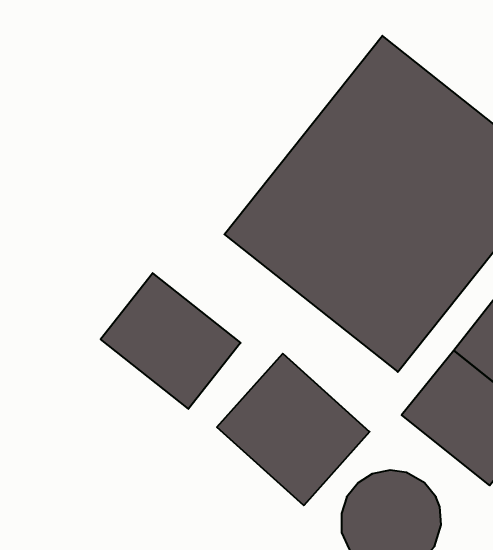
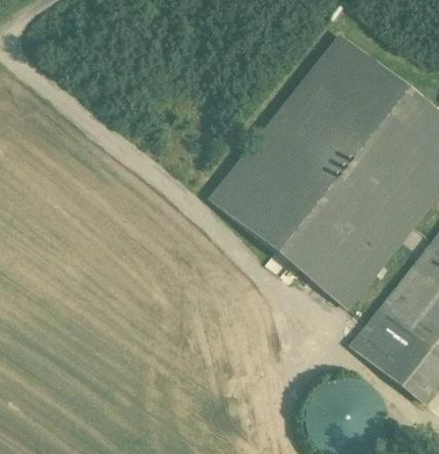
building: [101,273,241,409] -> none
building: [217,354,370,505] -> none

